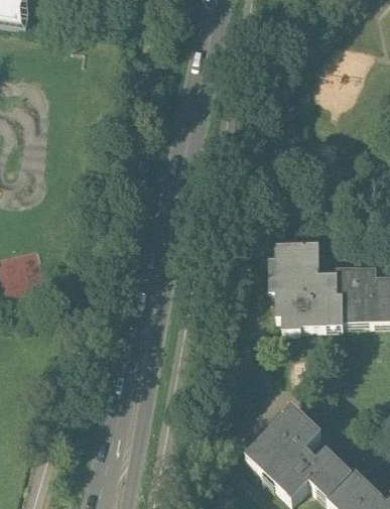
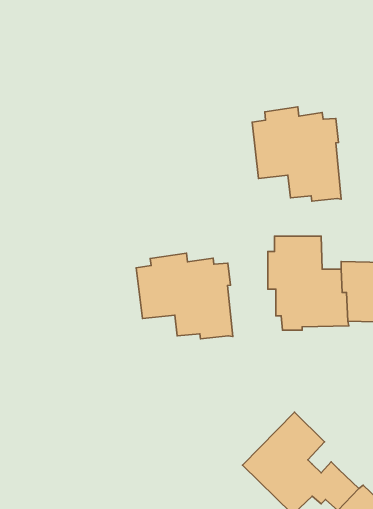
building: none -> [252,107,341,201]
building: none -> [136,253,233,339]

